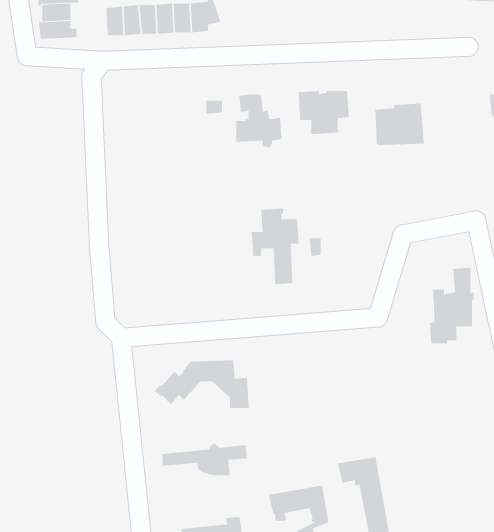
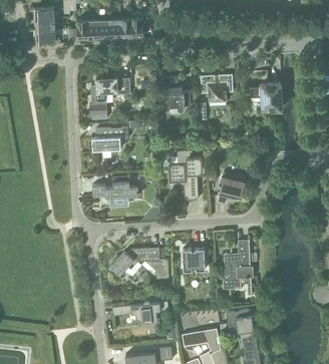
building: none -> [90,77,130,119]
building: none -> [92,127,128,155]
building: none -> [218,171,246,204]
building: none -> [92,176,138,206]
building: [429,267,474,344] -> [222,240,251,289]
building: none -> [182,248,206,271]

